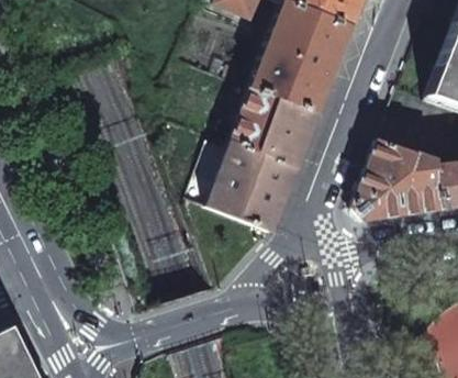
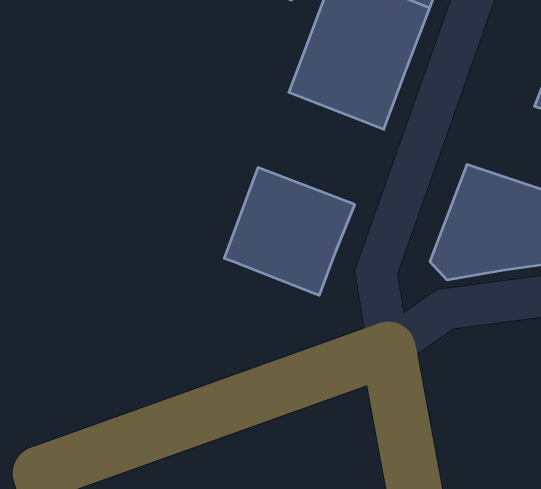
building: [230,87,320,167] -> none

